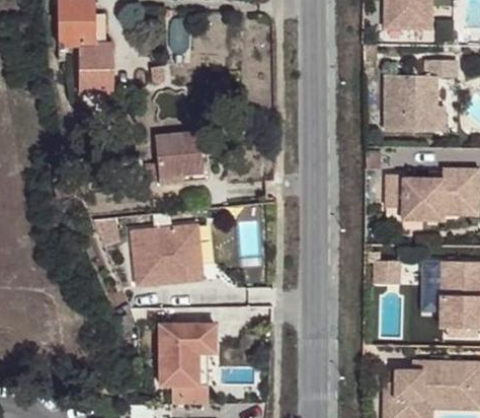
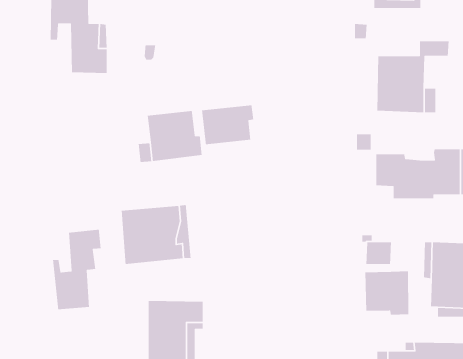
building: none -> [201,104,254,145]
building: none -> [52,229,101,310]
building: none -> [364,271,409,315]

